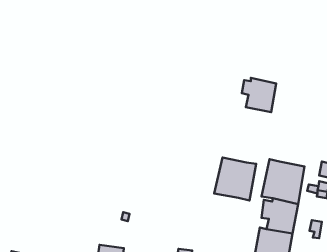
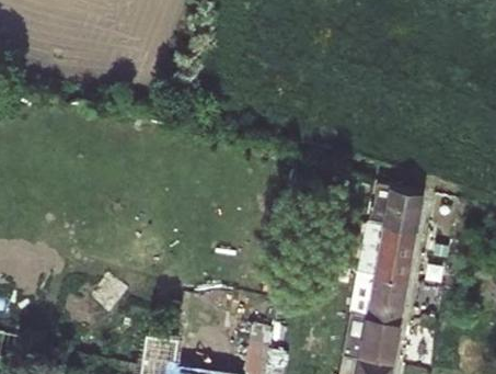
building: [242,78,276,112] -> [380,186,426,233]
building: [214,157,256,201] -> none

